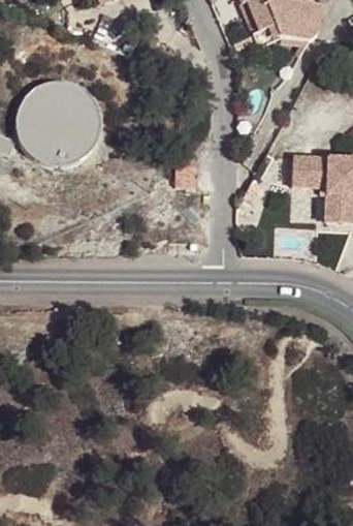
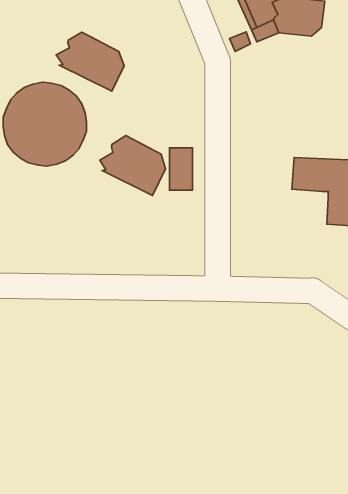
building: none -> [56,32,124,91]
building: none -> [100,136,166,196]

